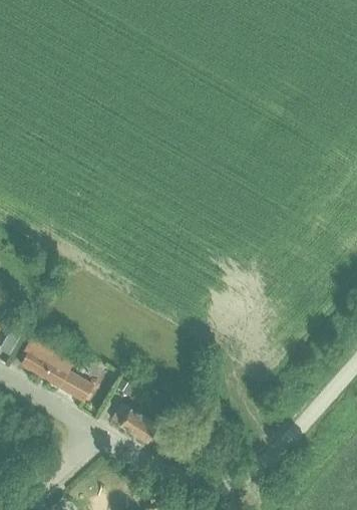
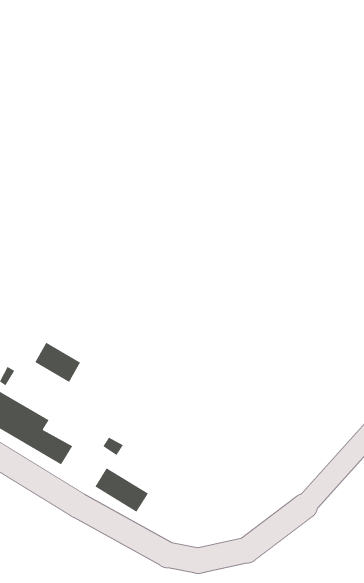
building: none -> [34,342,81,383]

